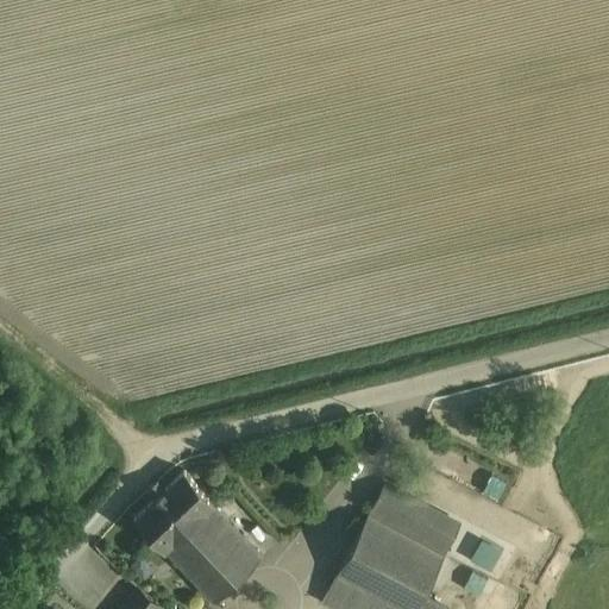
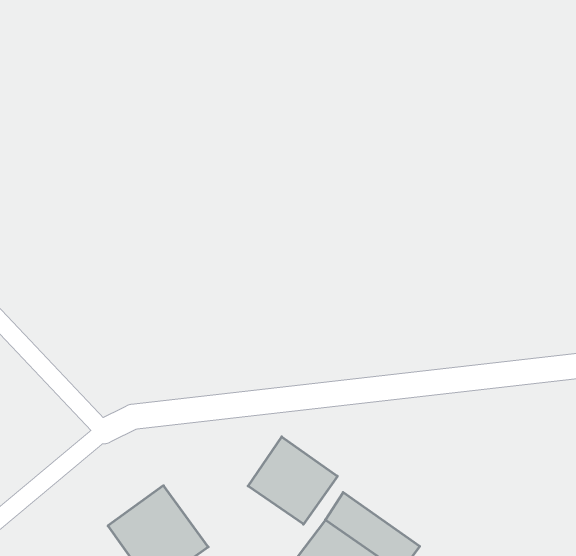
building: none -> [248,437,337,524]
building: [136,476,216,557] -> none

